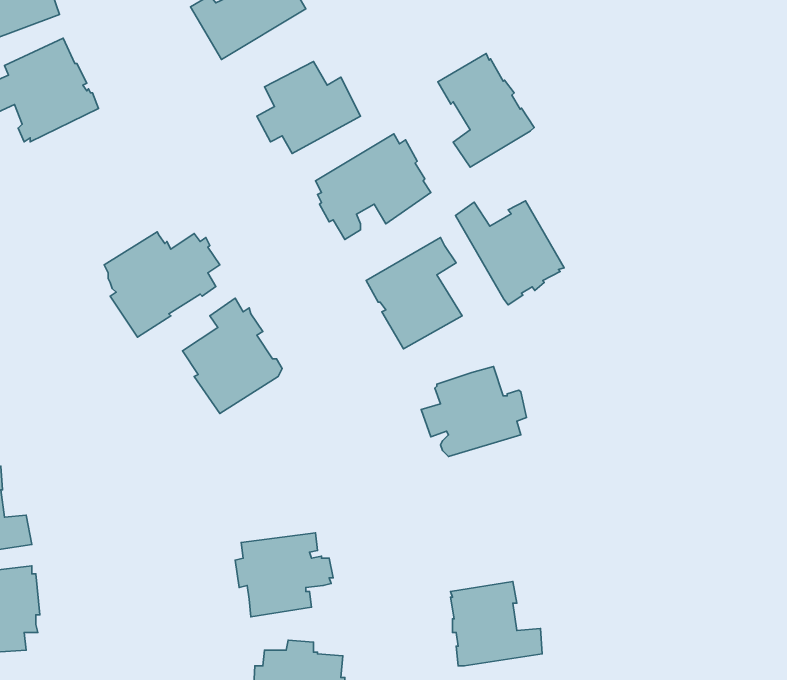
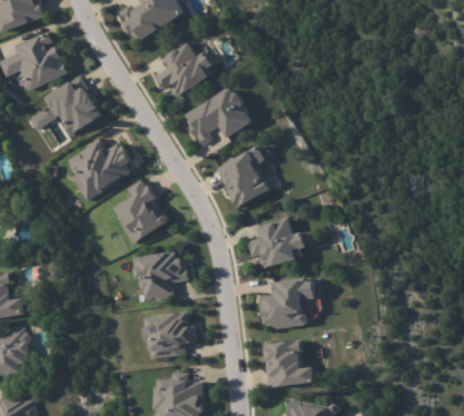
building: [438,53,534,167] -> none
building: none -> [47,79,103,133]
building: [456,201,564,305] -> none
building: none -> [134,250,190,300]
building: none -> [257,278,315,329]

